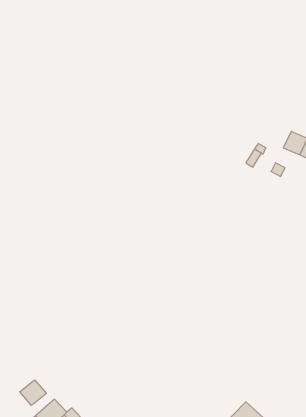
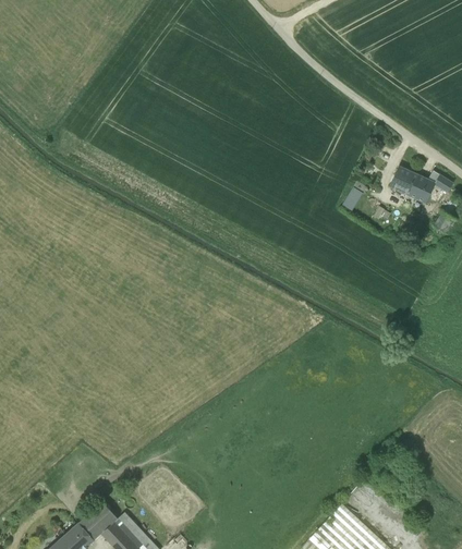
building: [20,380,46,405] -> none

